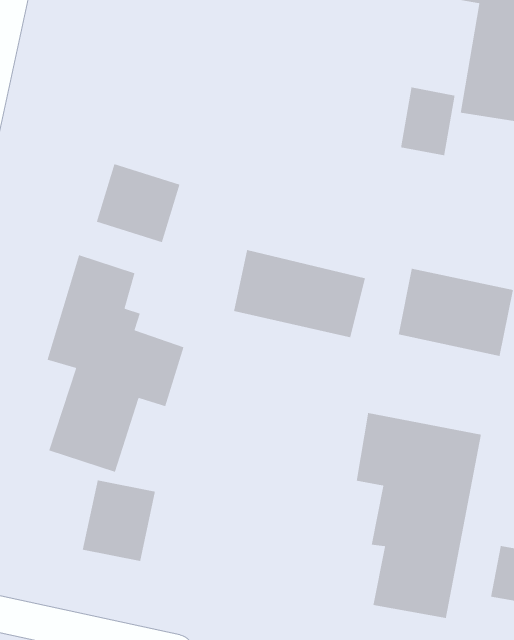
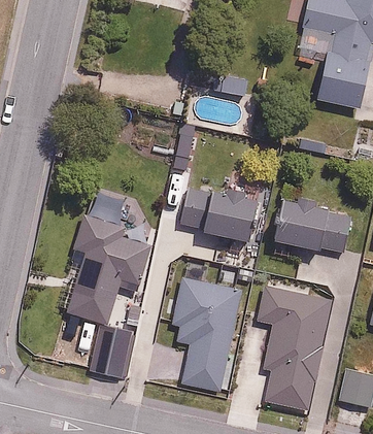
building: [400,87,455,156] -> none
building: [96,163,181,243] -> none
building: none -> [169,275,244,393]

